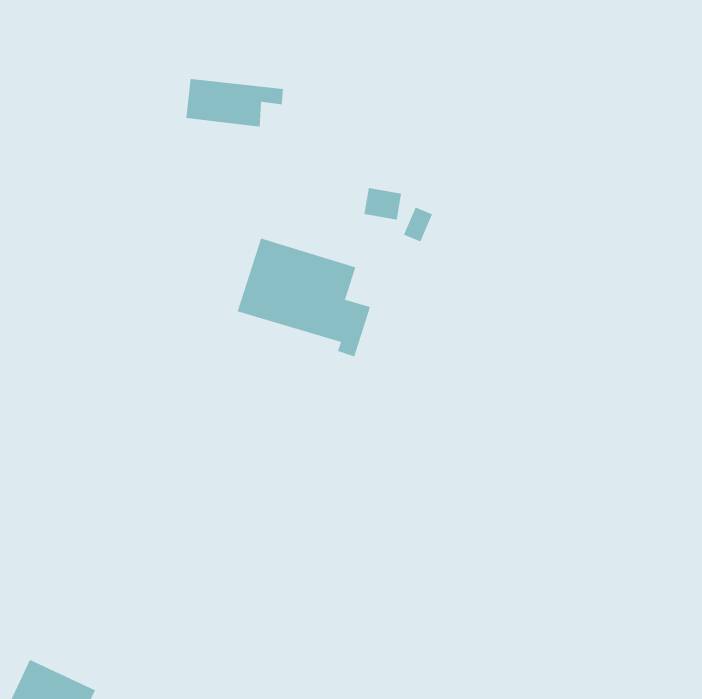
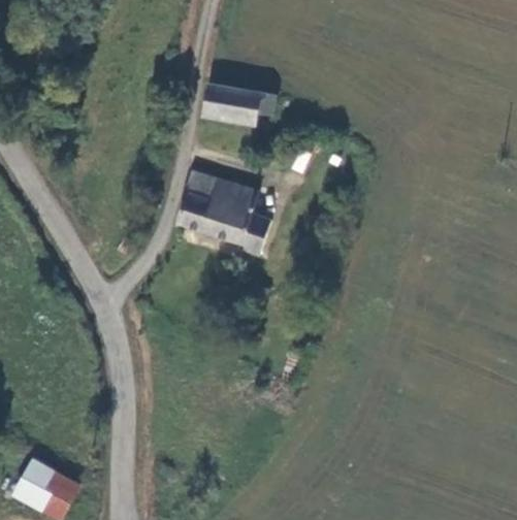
building: [185,78,284,127] -> [205,85,274,119]

